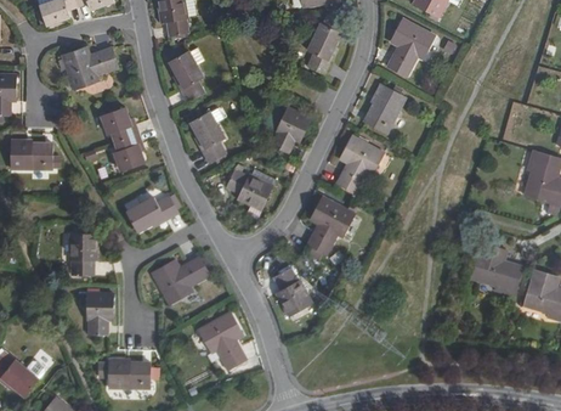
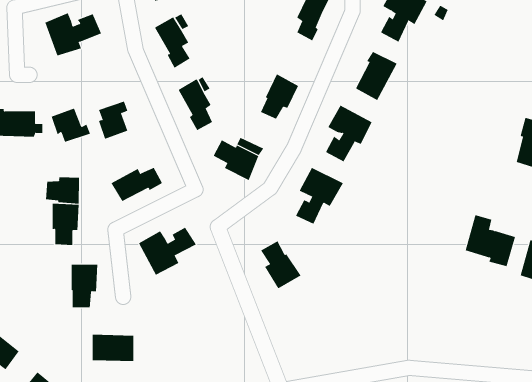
building: [101,108,140,142] -> [51,108,91,143]
building: none -> [46,176,80,204]
building: [199,311,245,368] -> none

